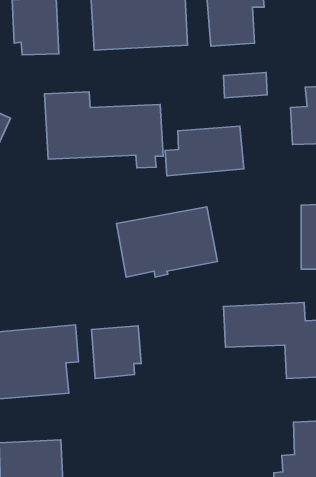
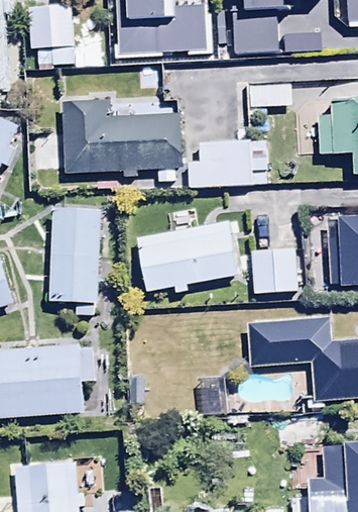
building: none -> [49,207,101,316]
building: none -> [251,245,303,300]
building: [91,326,141,378] -> none

